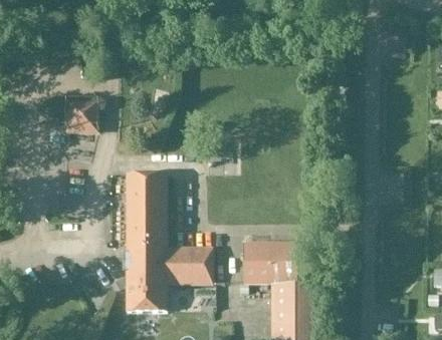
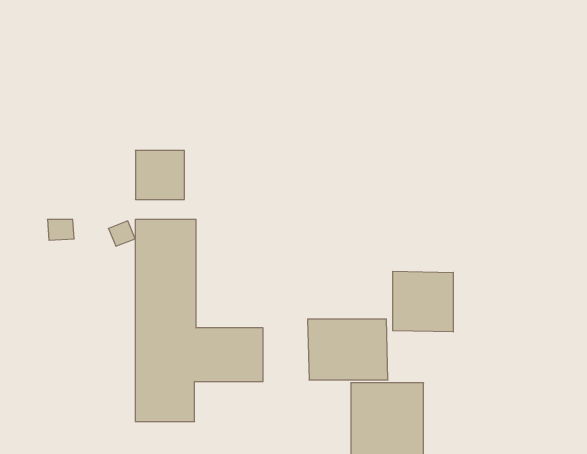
building: [67,101,100,134] -> [135,150,184,199]
building: none -> [393,271,453,332]

